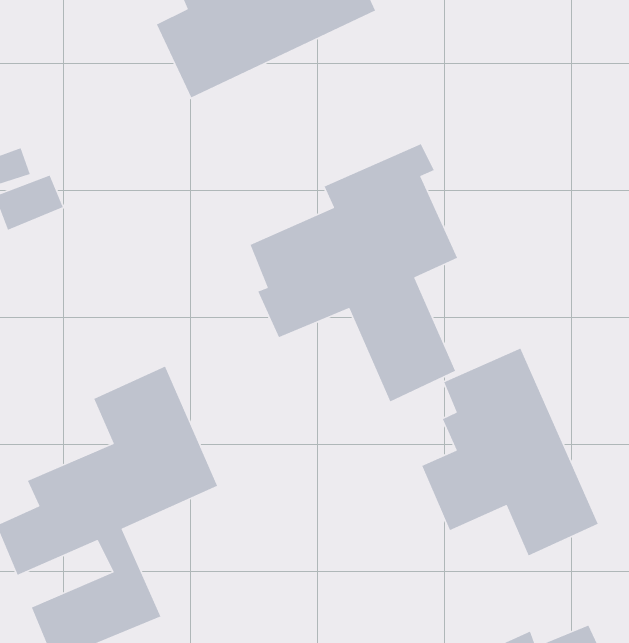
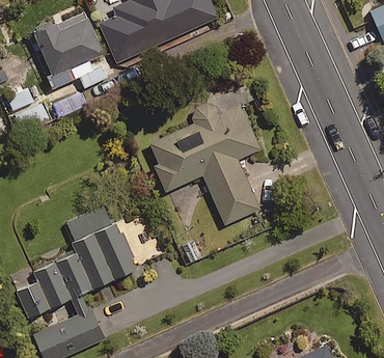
building: none -> [34,19,107,88]
building: [421,348,599,556] -> none

